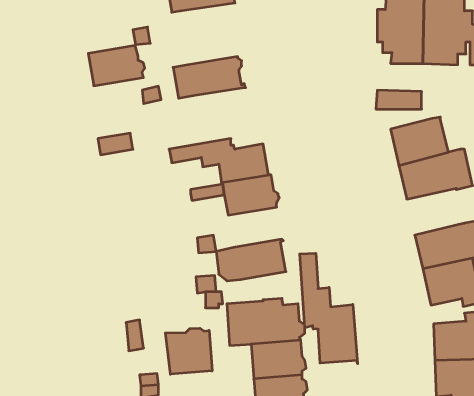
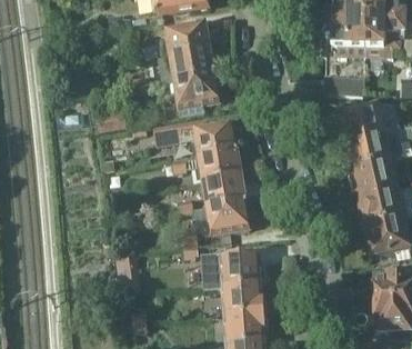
building: [88,45,145,86] -> [164,23,211,57]
building: none -> [173,76,220,117]
building: none -> [350,159,398,198]
building: none -> [202,175,247,208]
building: [300,253,358,364] -> none
building: [165,328,212,374] -> none

